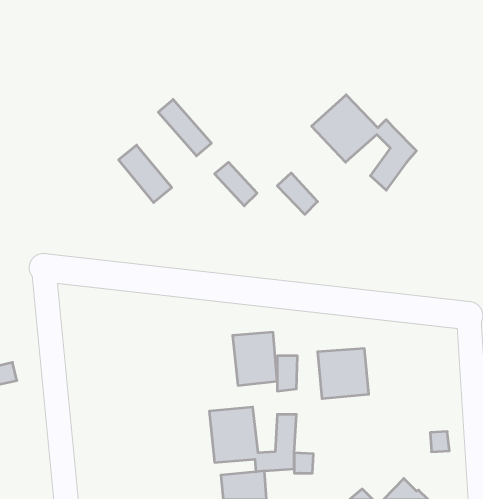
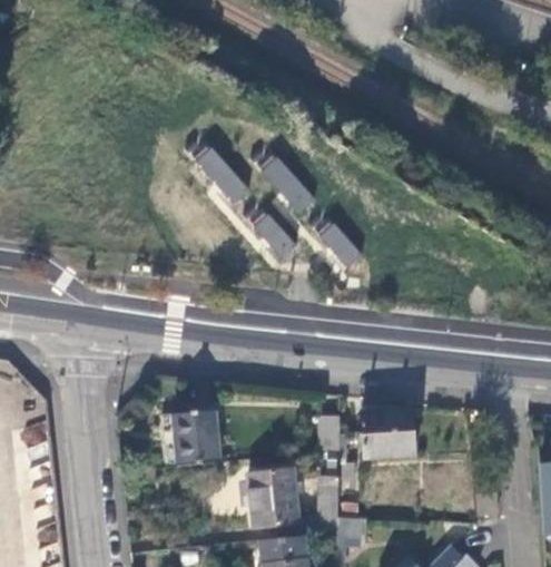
building: [312,95,416,190] -> none
building: [119,145,172,203] -> [257,155,313,215]
building: [233,332,277,385] -> [173,410,219,466]

